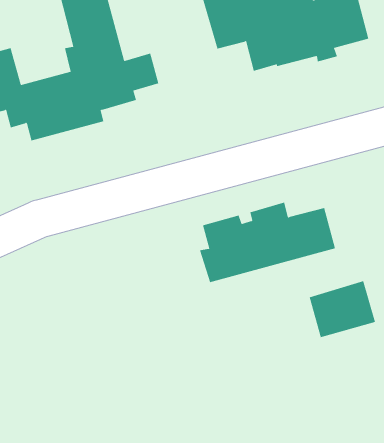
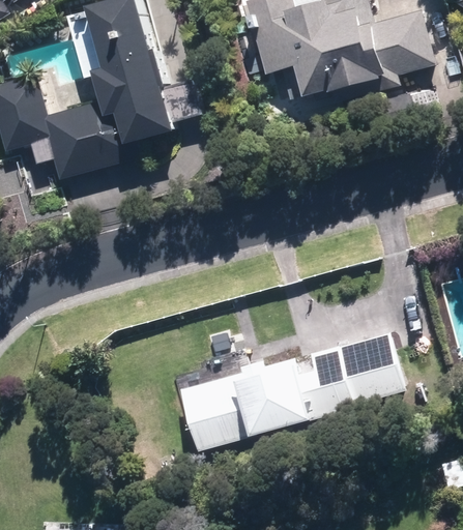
building: [199,202,336,283] -> [200,350,352,440]

